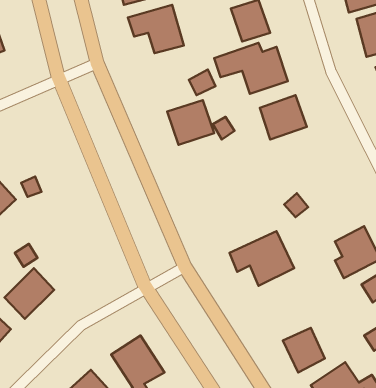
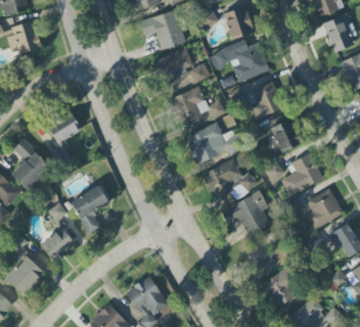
building: none -> [154,48,192,87]
building: none -> [45,109,81,144]
building: none -> [269,120,298,153]
building: none -> [184,123,239,164]
building: none -> [281,154,320,194]
building: none -> [201,158,258,200]
building: none -> [71,186,107,235]

